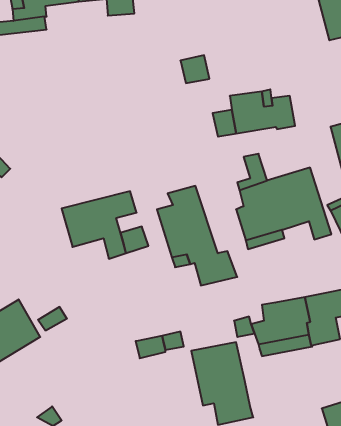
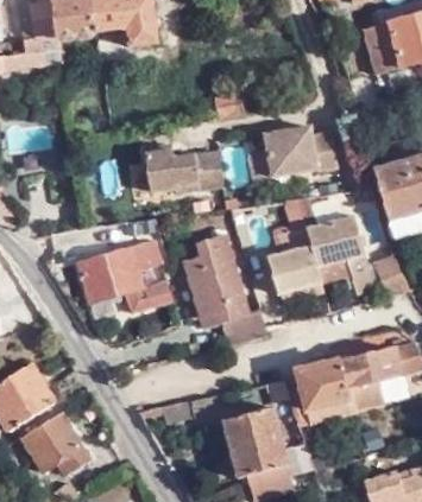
building: none -> [140,144,222,192]
building: none -> [20,412,88,474]

